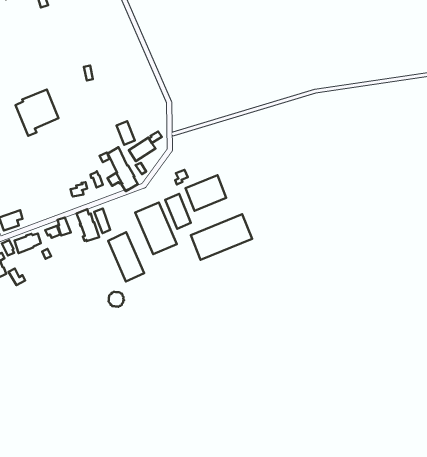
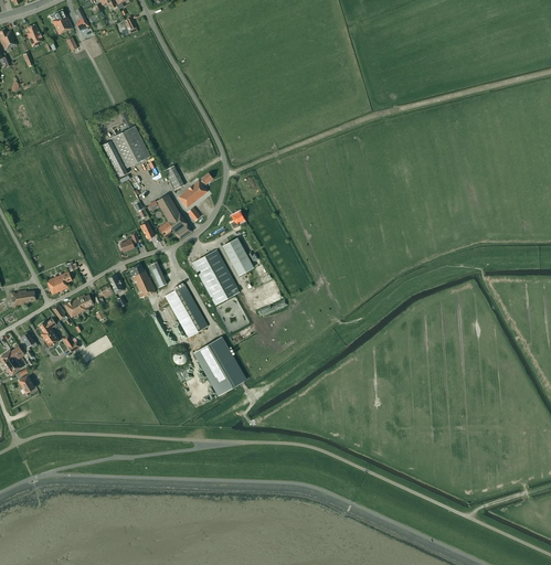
building: [16,89,59,136] -> [102,126,149,178]
building: [186,175,226,211] -> none
building: [191,214,252,260] -> none
building: none -> [193,338,245,395]

